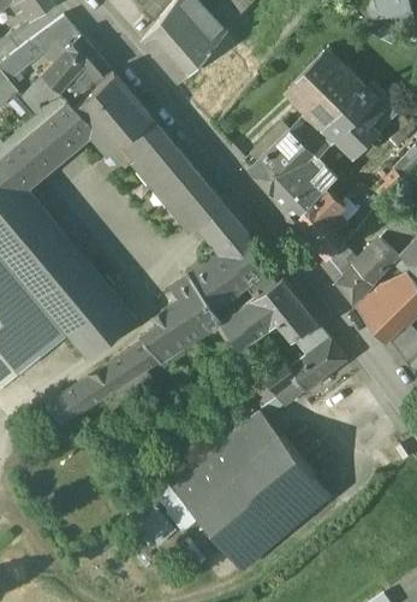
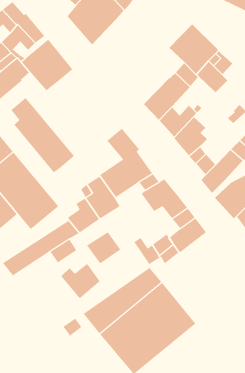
building: [127,119,222,231] -> [10,97,75,173]
building: [218,303,269,352] -> [86,232,121,264]
building: none -> [61,263,101,299]

